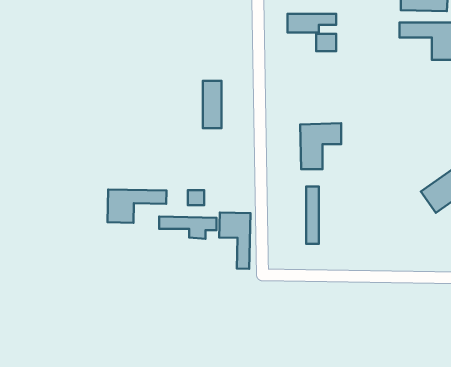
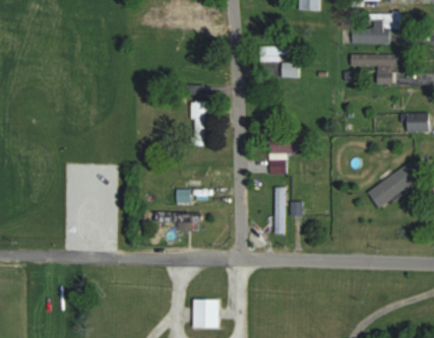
building: [107,189,166,223] -> none
building: [219,213,250,269] -> none
building: none -> [193,299,219,328]

